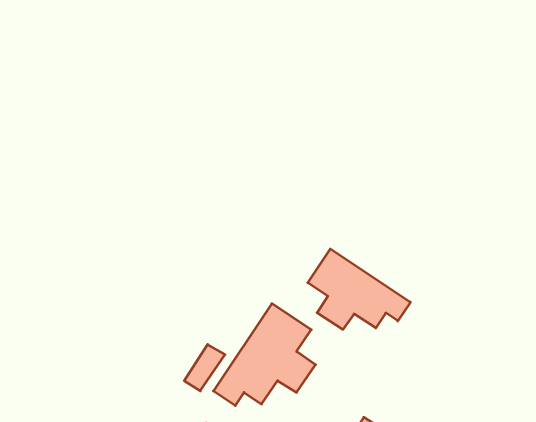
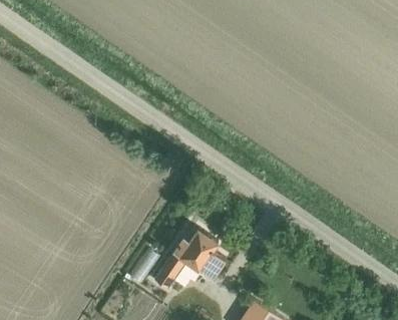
building: [308,249,410,329] -> none

